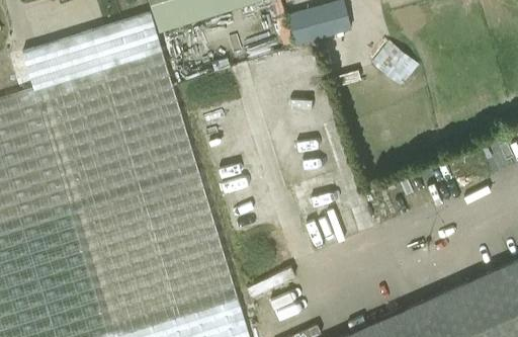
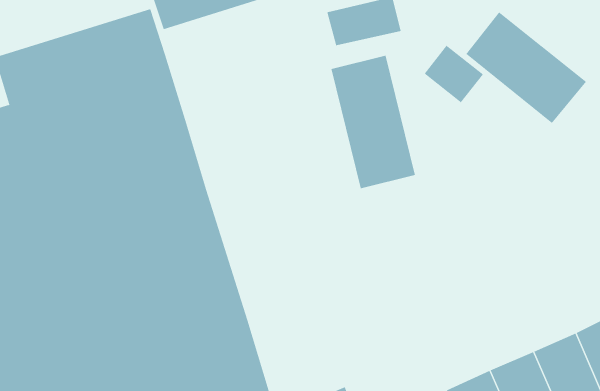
building: none -> [465,12,587,124]
building: none -> [331,55,415,189]

